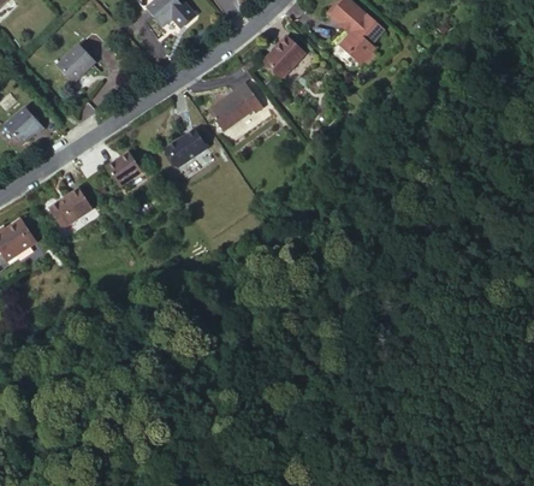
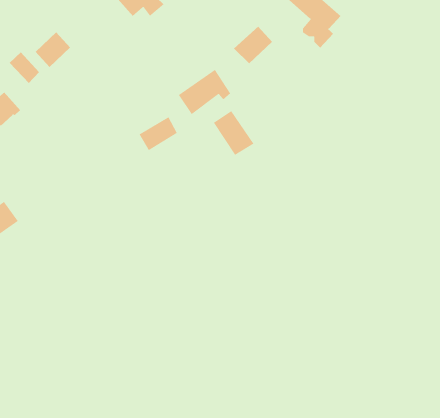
building: none -> [9,52,40,84]
building: none -> [213,110,255,156]
building: [106,154,140,188] -> none
building: [53,190,94,232] -> none

